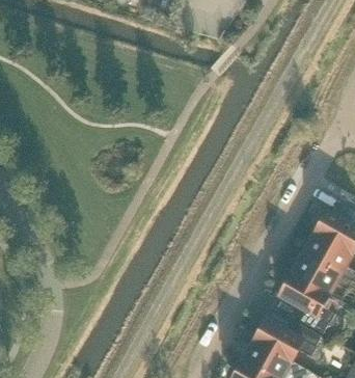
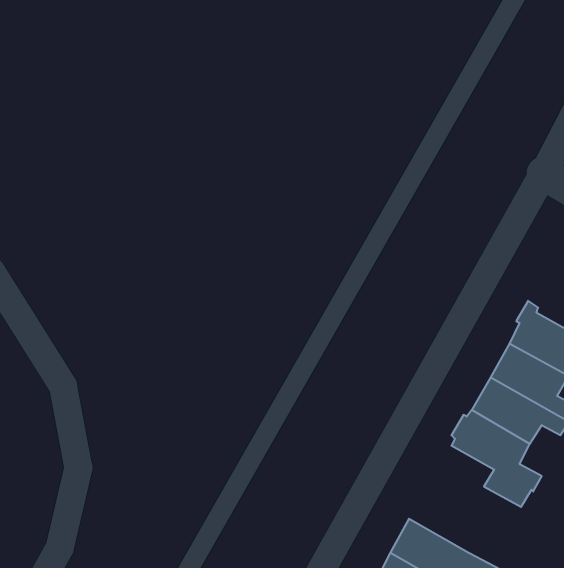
building: [254,318,322,359] -> none

